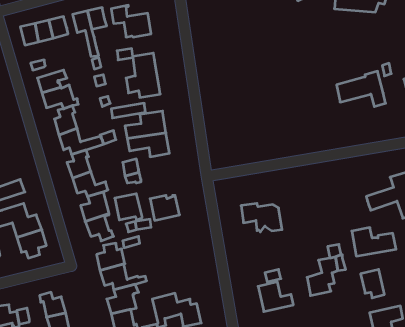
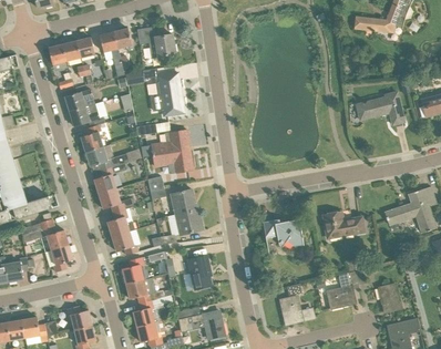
building: [115,194,142,220] -> [170,188,196,214]
building: [352,228,396,256] -> [322,211,366,238]
building: none -> [187,255,211,288]

